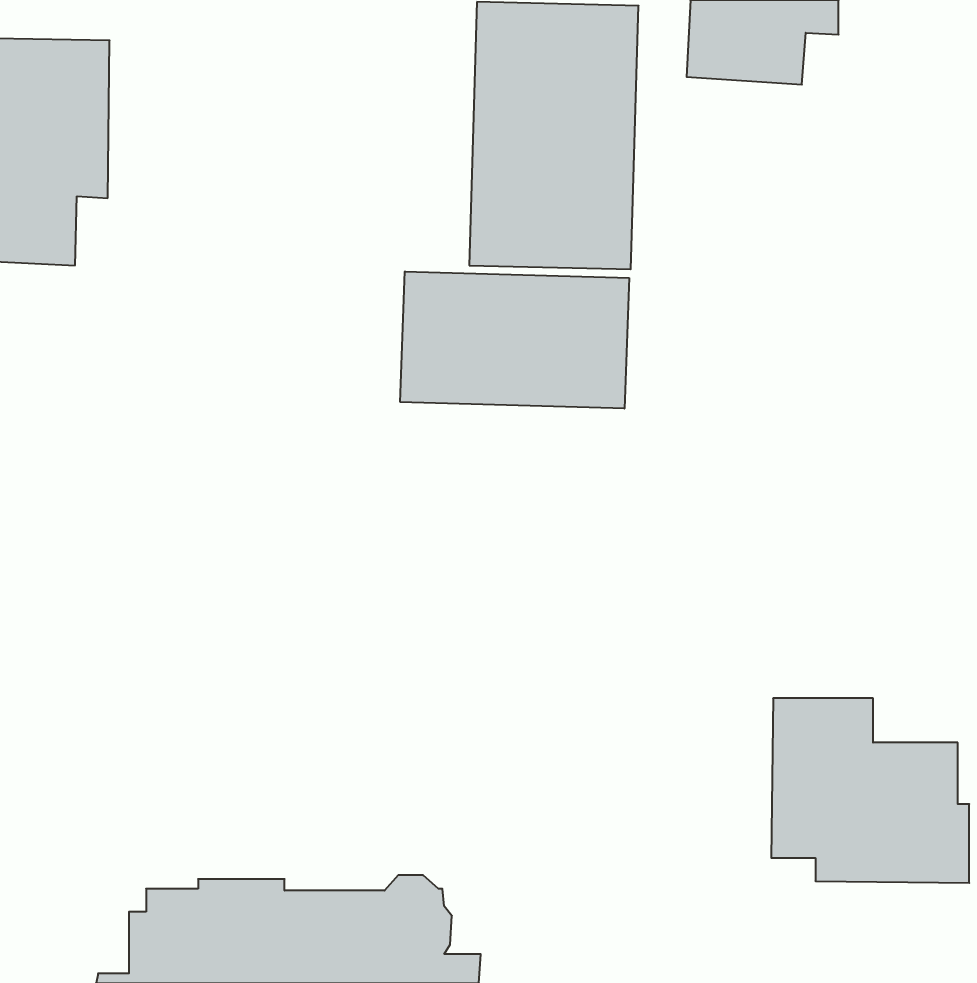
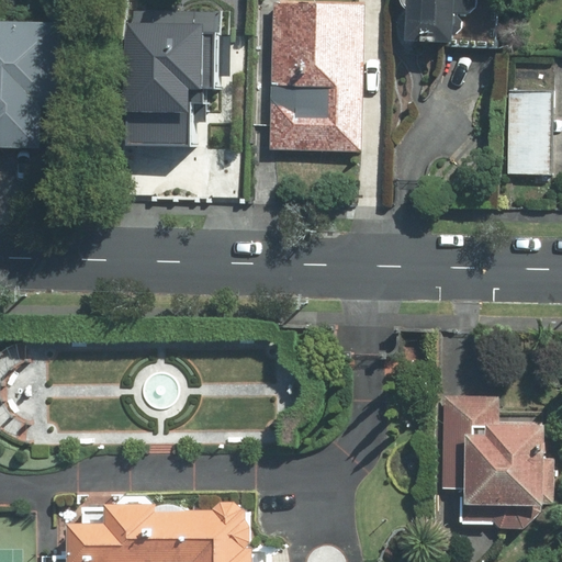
building: none -> [124,9,223,148]
building: none -> [504,90,550,176]
building: [400,271,629,409] -> none

